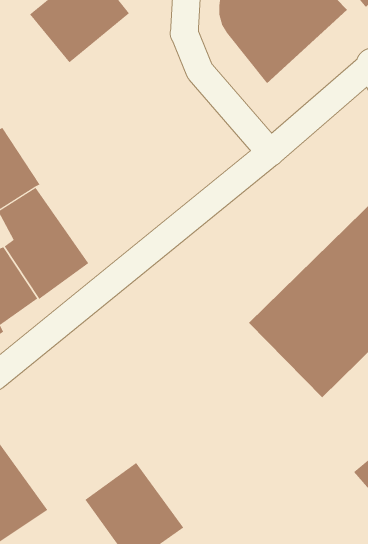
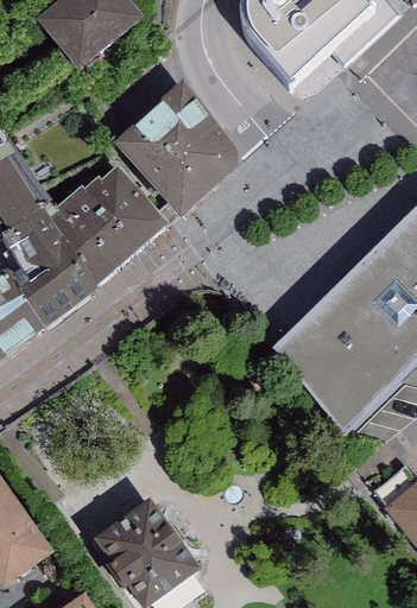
building: none -> [112,83,238,218]
building: none -> [42,162,168,285]

